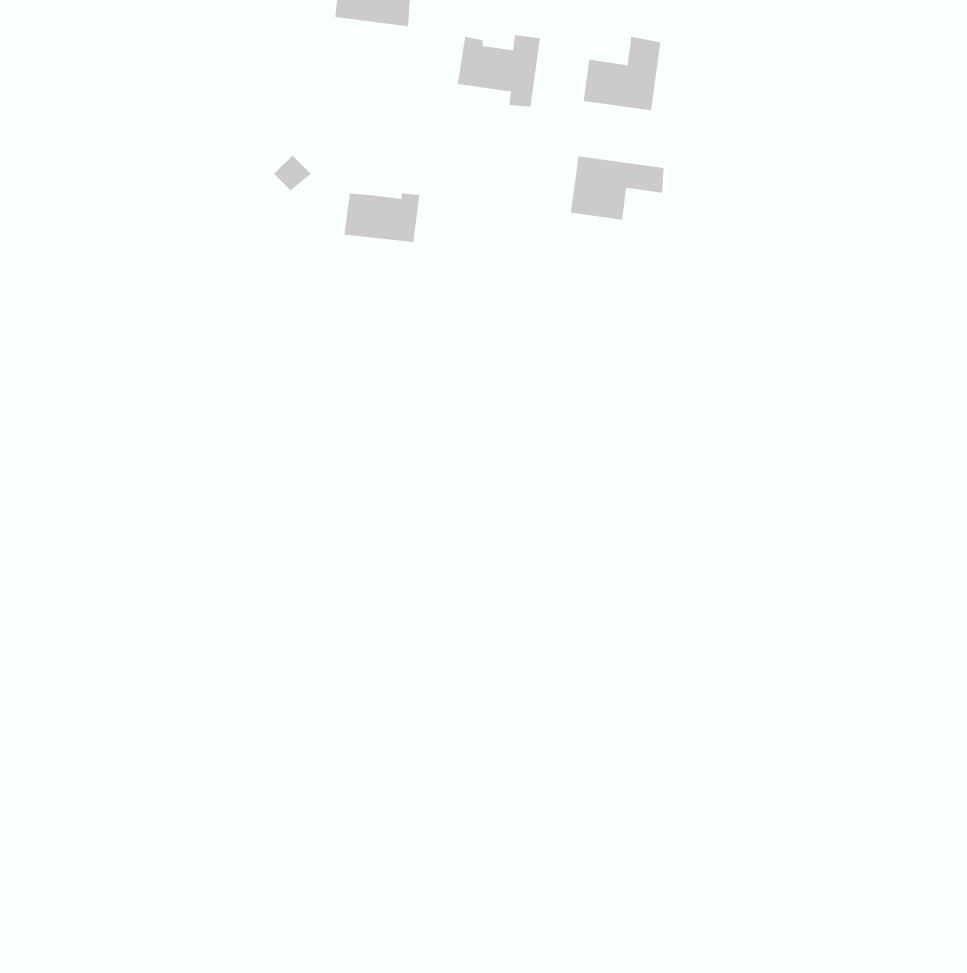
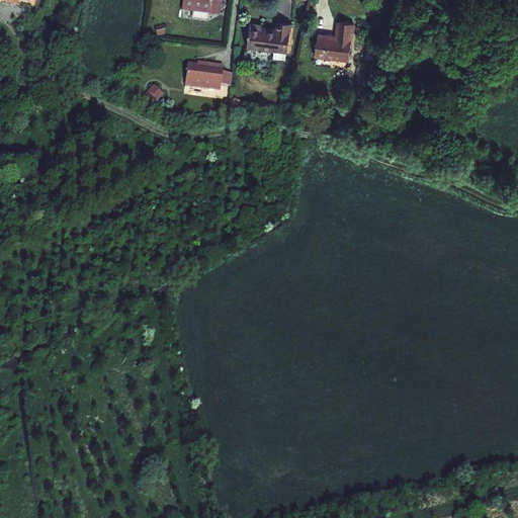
building: [570,156,664,221] -> none
building: [344,193,420,242] -> [183,63,224,89]

